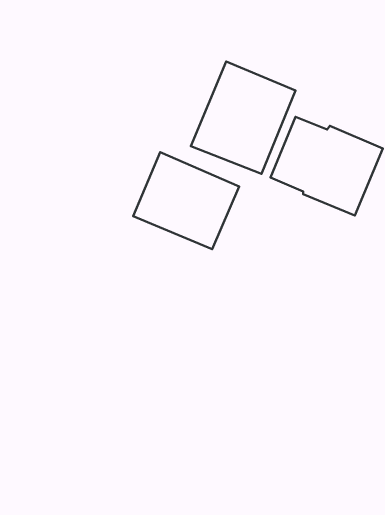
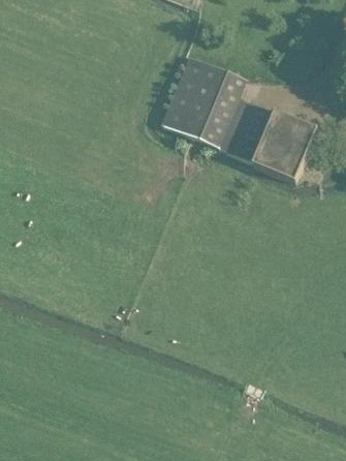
building: [133,152,239,249] -> none

